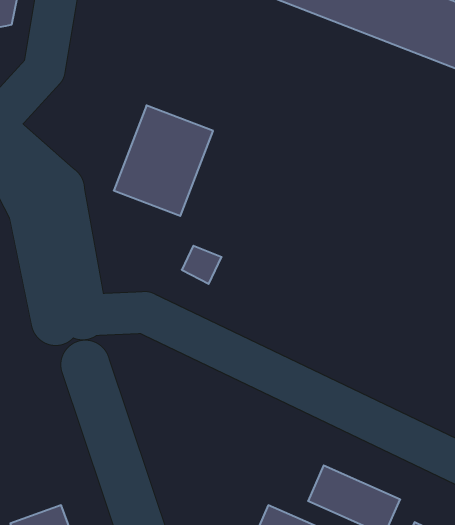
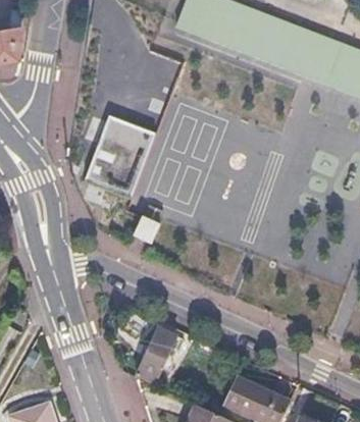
building: none -> [138,327,174,384]

